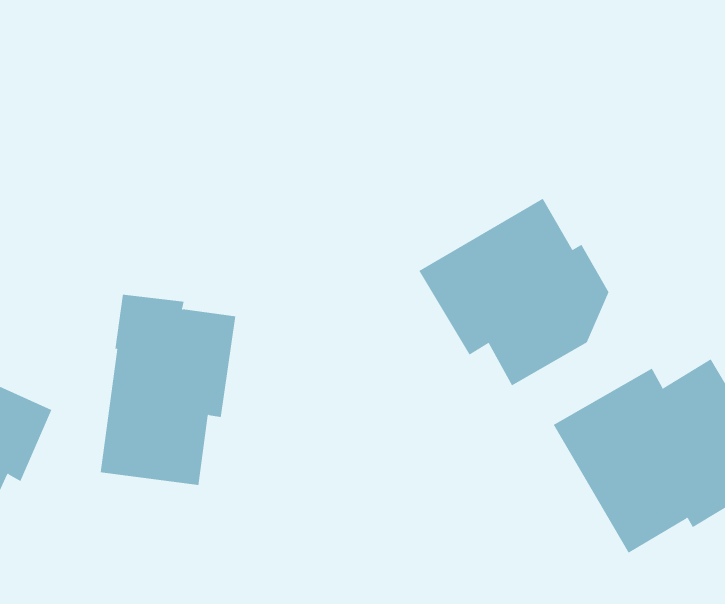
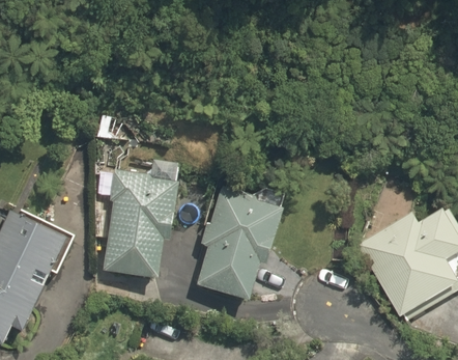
building: [419,198,609,386] -> none
building: none -> [195,185,281,299]

